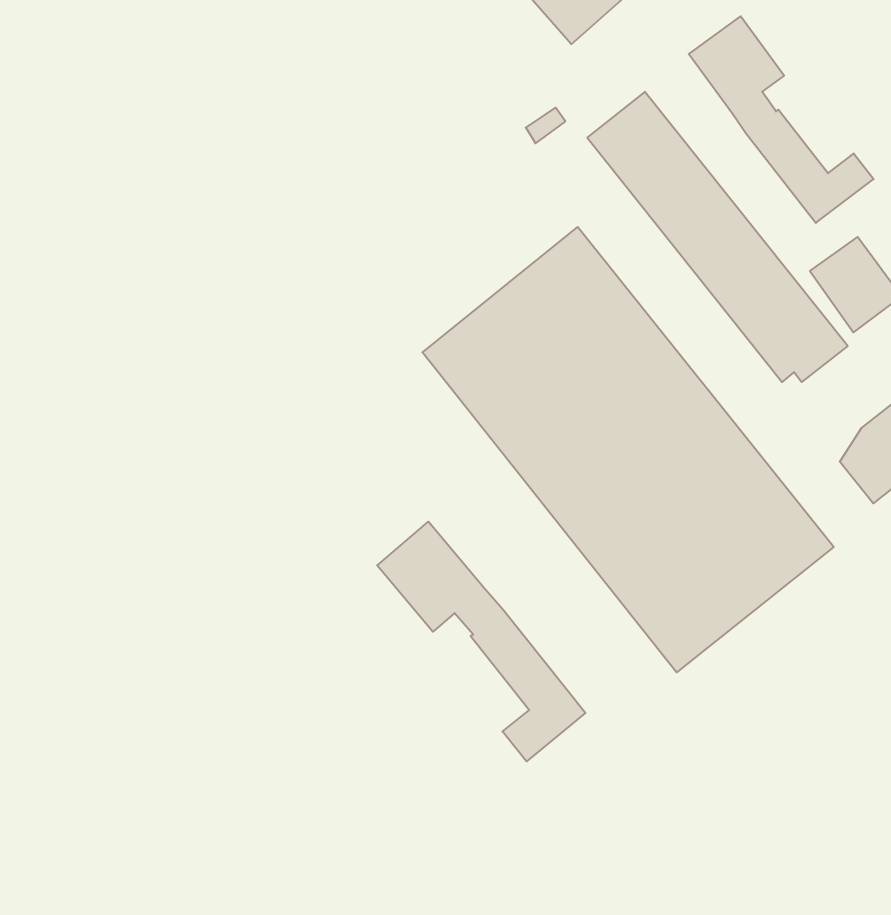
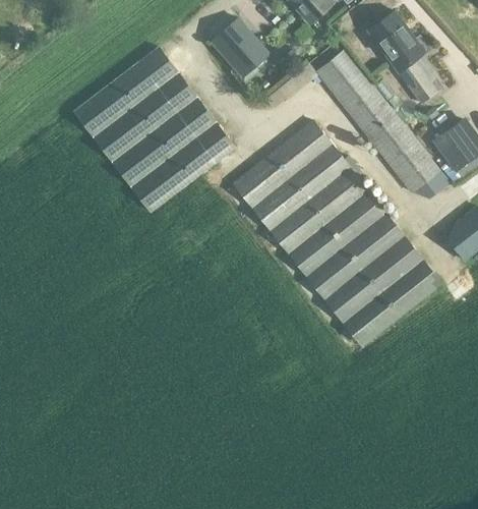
building: none -> [210,16,271,78]
building: none -> [74,48,233,211]
building: [377,522,585,761] -> none

